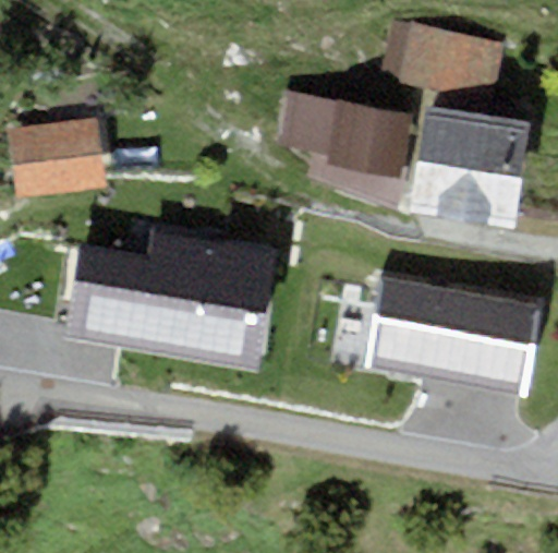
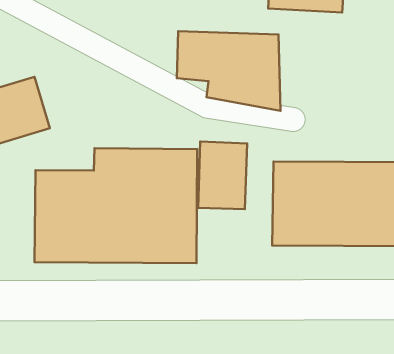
building: [410,104,531,225] -> none
building: none -> [198,141,247,209]

